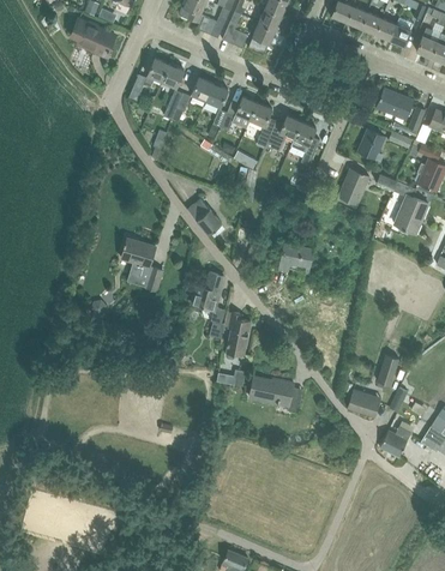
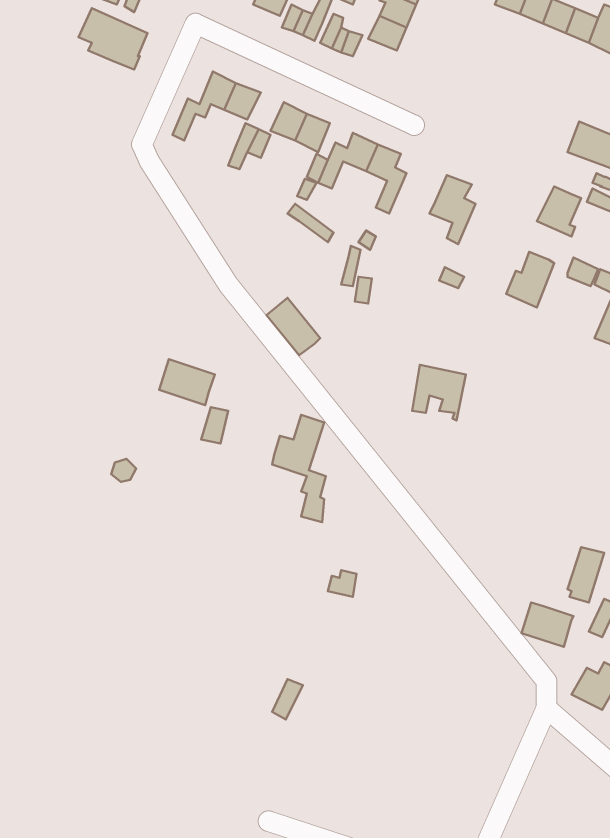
building: [265,115,301,151] -> none
building: [225,313,251,359] -> none
building: [249,377,301,413] -> none

